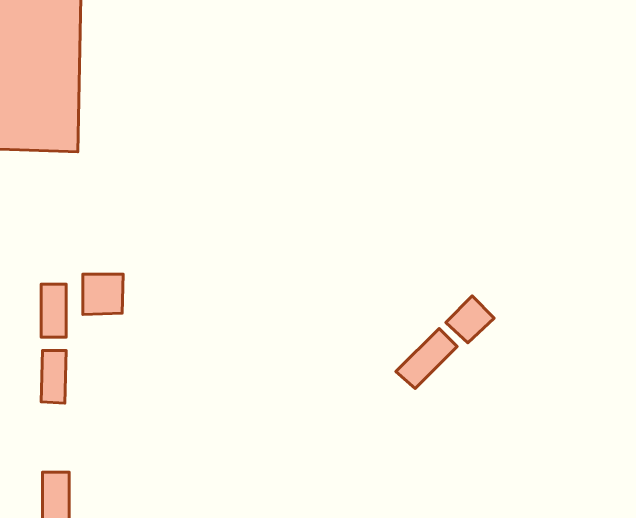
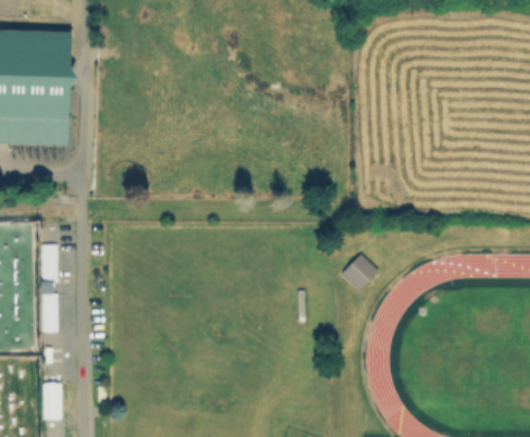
building: [83,274,123,315] -> none
building: [396,328,457,388] -> none

